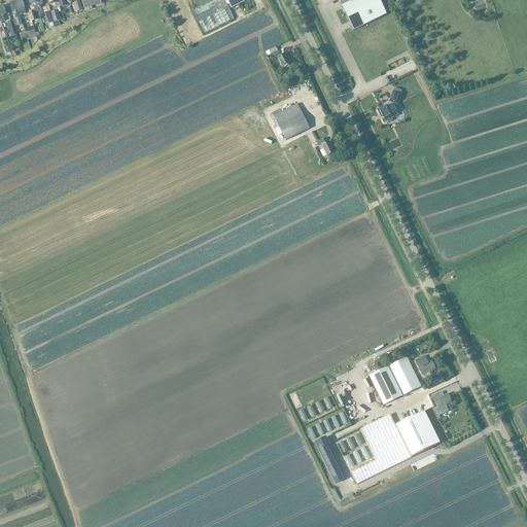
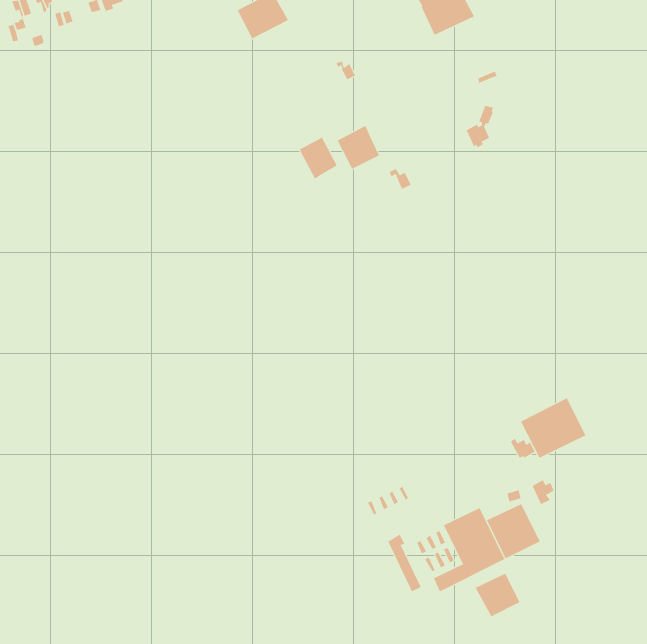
building: none -> [299,137,338,180]
building: [368,355,422,405] -> [520,398,586,458]
building: none -> [475,573,520,617]

